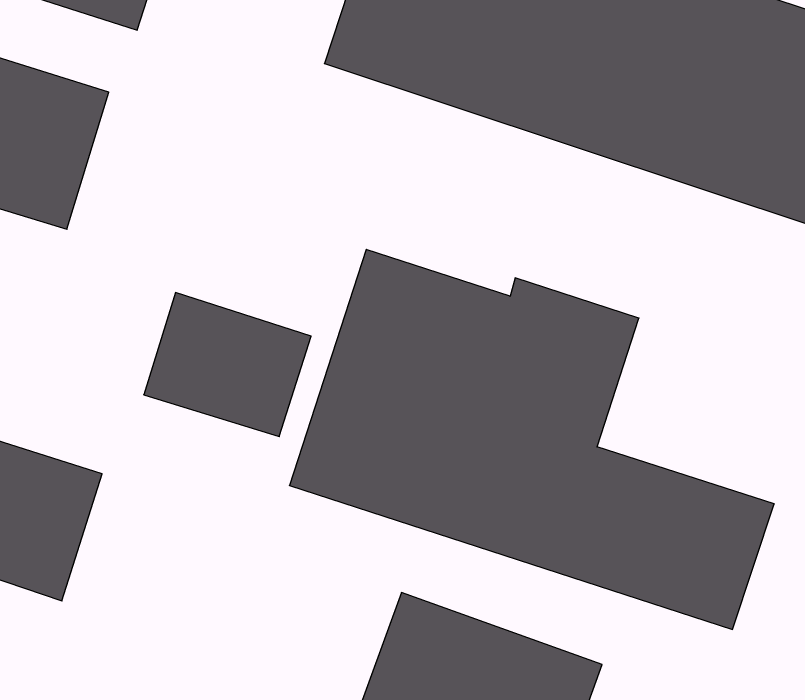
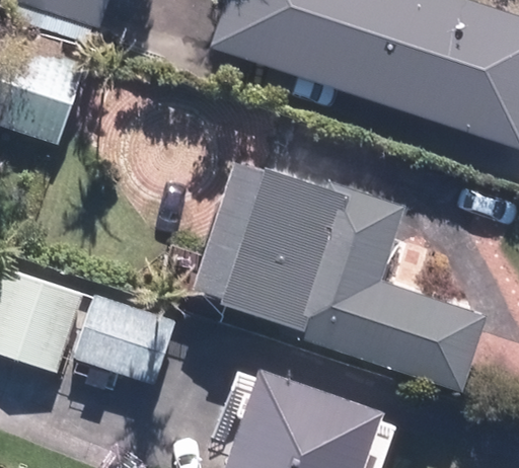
building: [144,293,311,437] -> [76,298,177,385]

